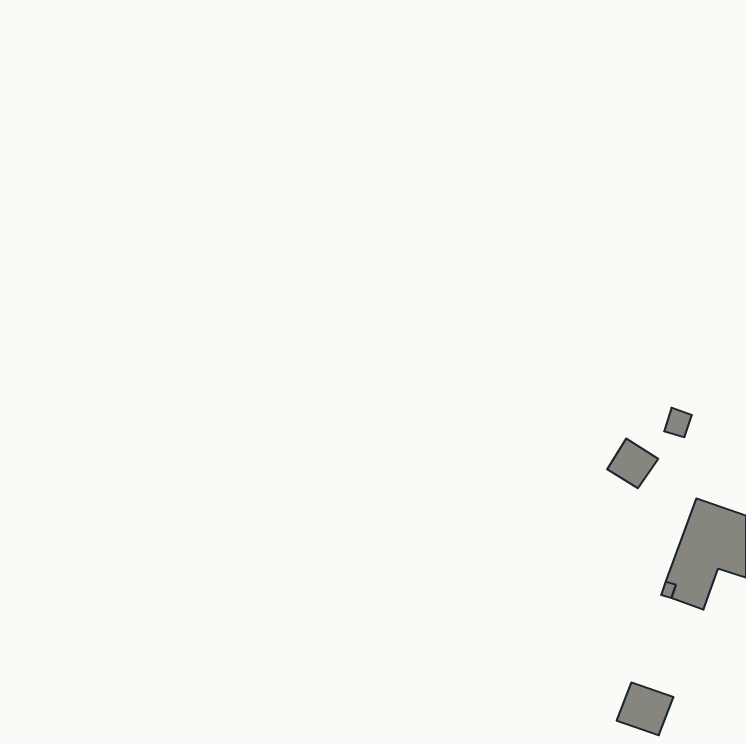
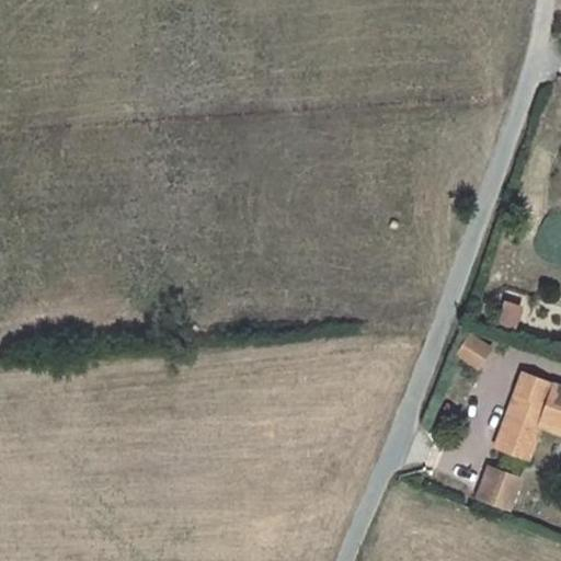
building: [617,683,674,735] -> [477,467,519,506]

